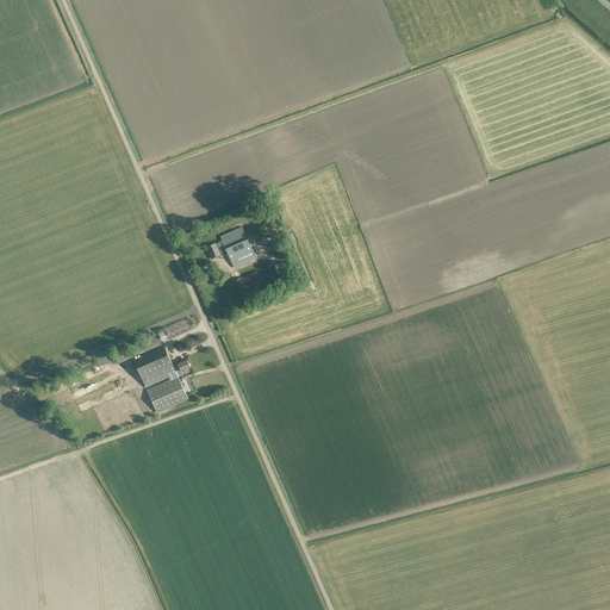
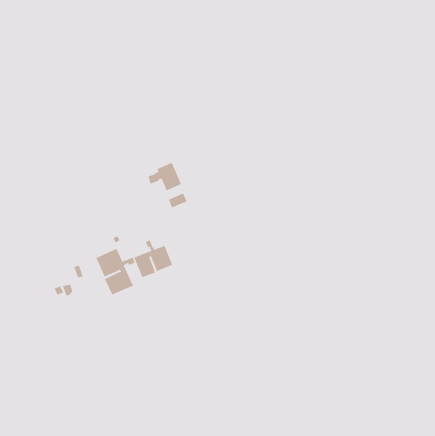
building: none -> [133,240,173,278]

